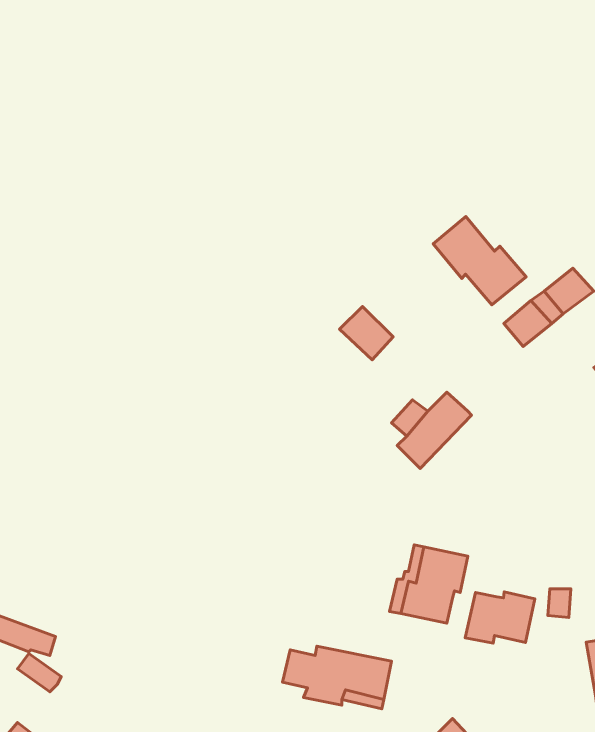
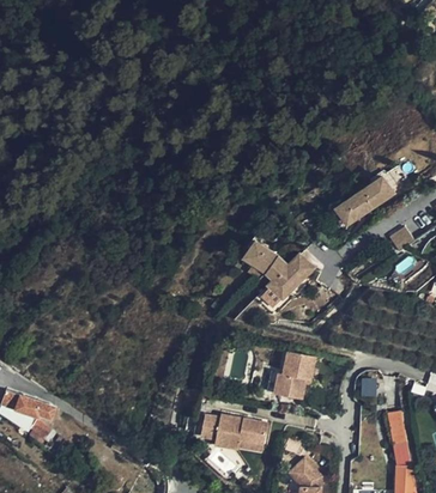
building: [433,217,526,305] -> none
building: [340,306,393,360] -> [244,241,278,274]
building: [465,592,535,643] -> none

